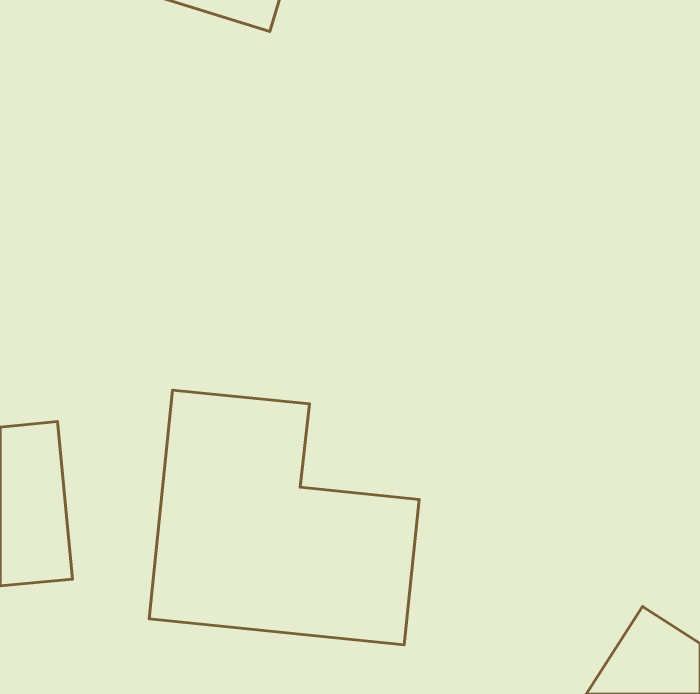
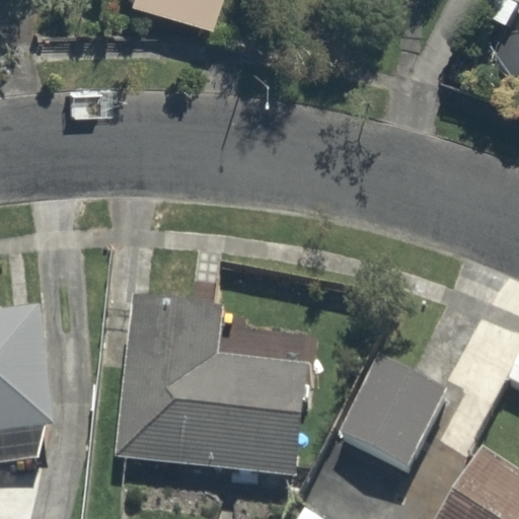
building: none -> [311,351,451,476]

